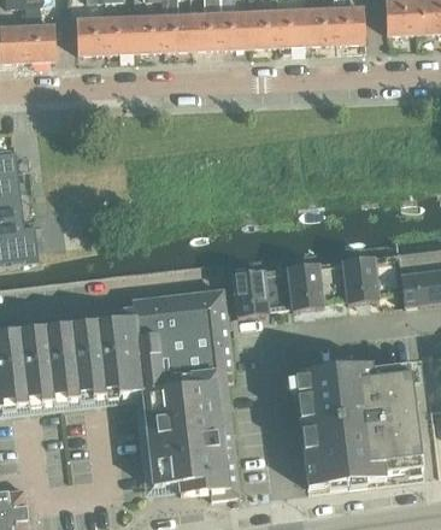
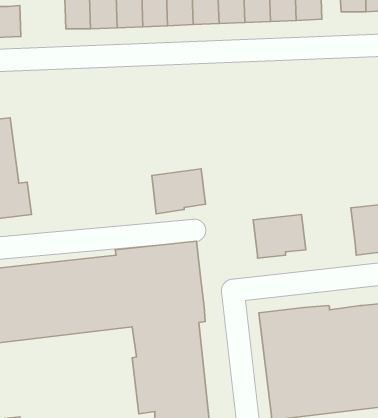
building: [24,24,54,60] -> none
building: [341,253,401,302] -> none
building: [231,266,292,317] -> [152,169,205,214]

